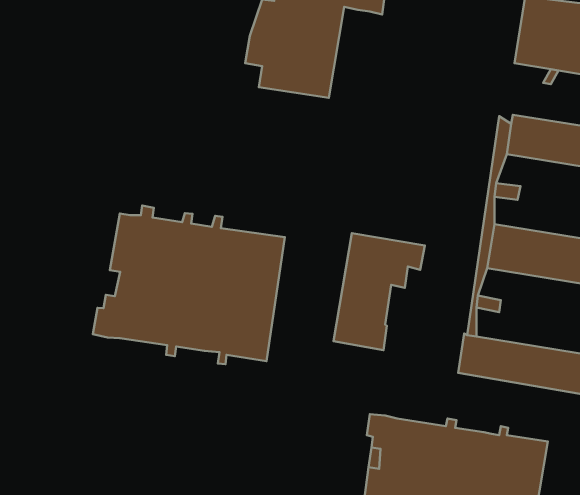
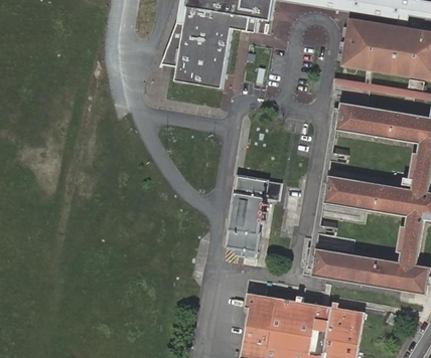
building: [93,206,285,364] -> none

